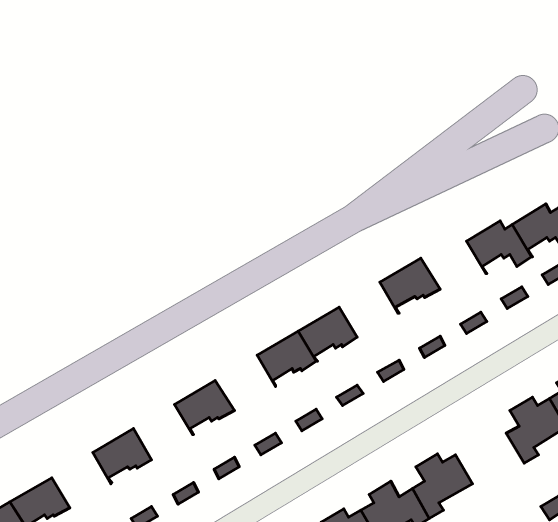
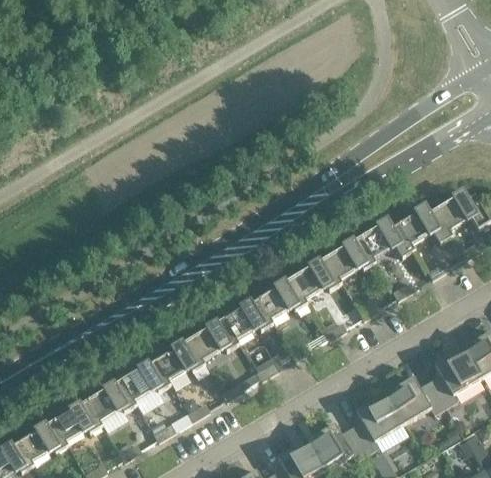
building: none -> [359,220,413,262]
building: none -> [291,256,340,302]
building: none -> [188,317,238,363]
building: none -> [120,358,169,404]
building: none -> [388,376,445,424]
building: none -> [52,398,101,444]

